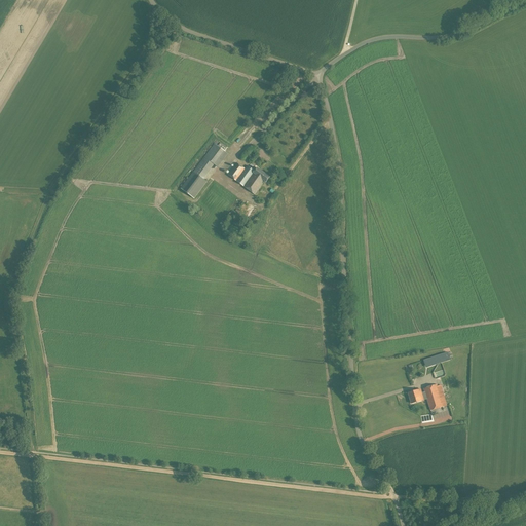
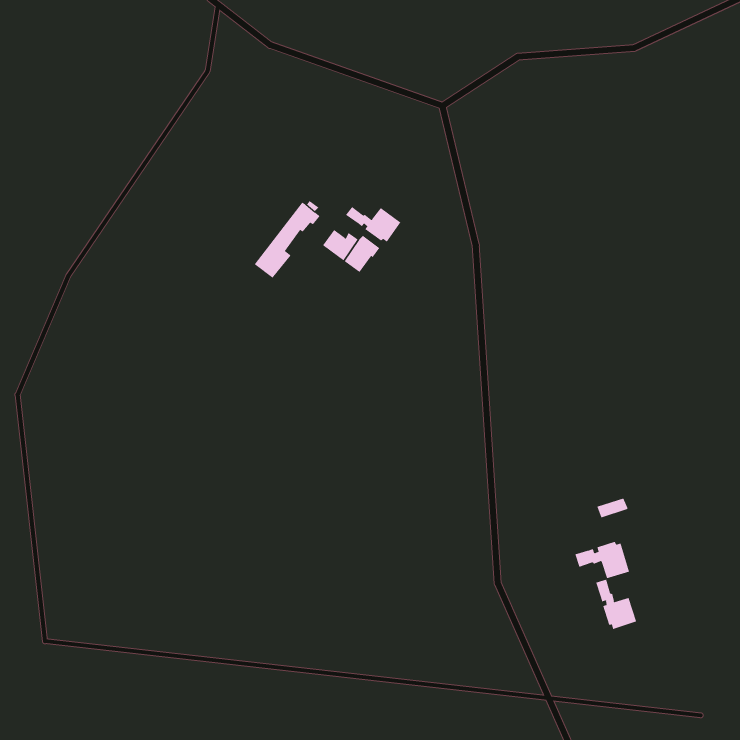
building: none -> [345,206,401,243]
building: none -> [596,579,637,630]

